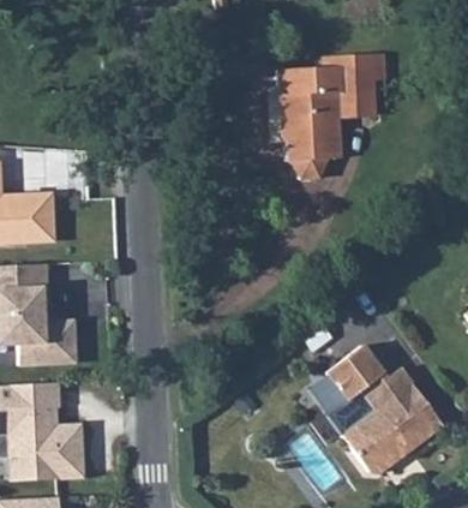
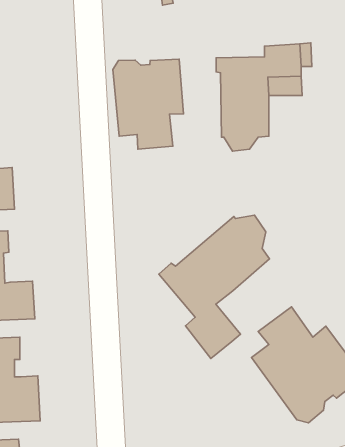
building: none -> [113,59,184,149]
building: none -> [159,215,269,358]

